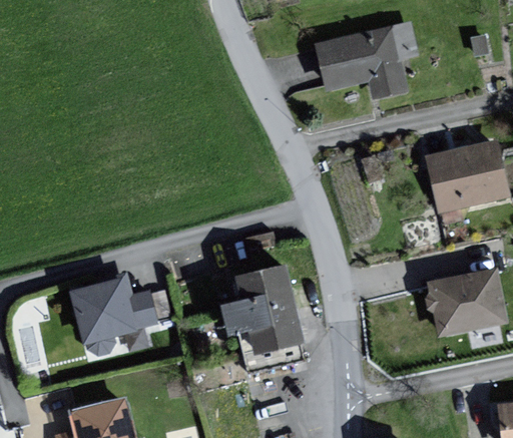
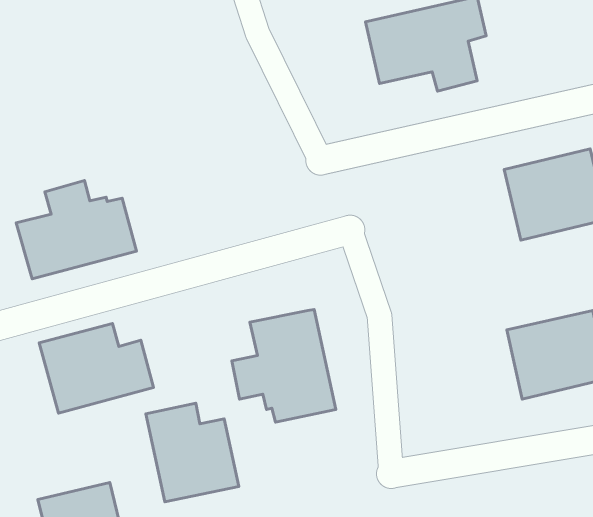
building: none -> [16,181,136,279]
building: none -> [146,403,239,502]

